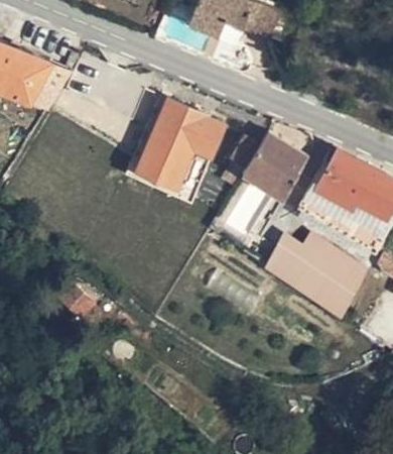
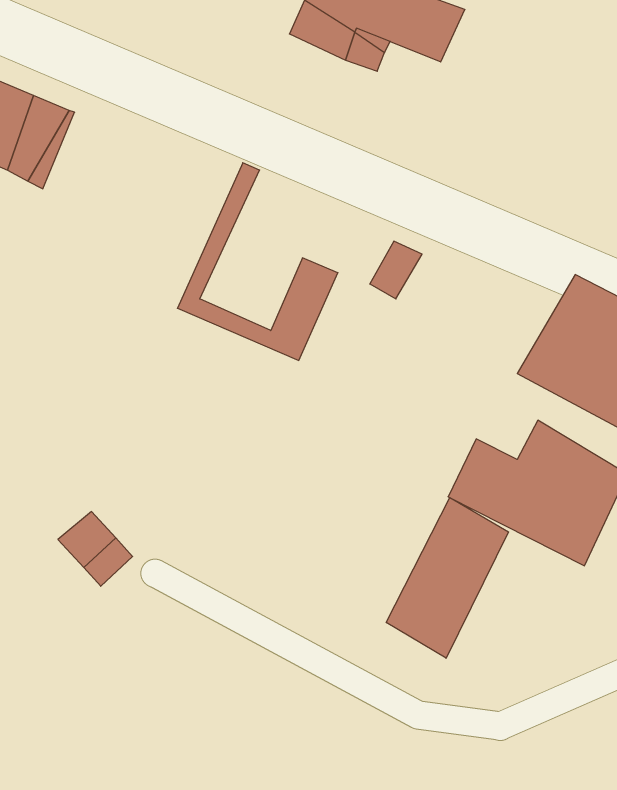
building: [135,98,222,185] -> none
building: [235,134,310,206] -> none
building: none -> [386,498,508,658]

